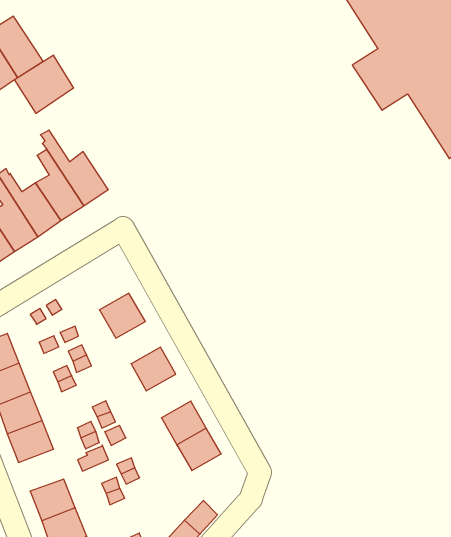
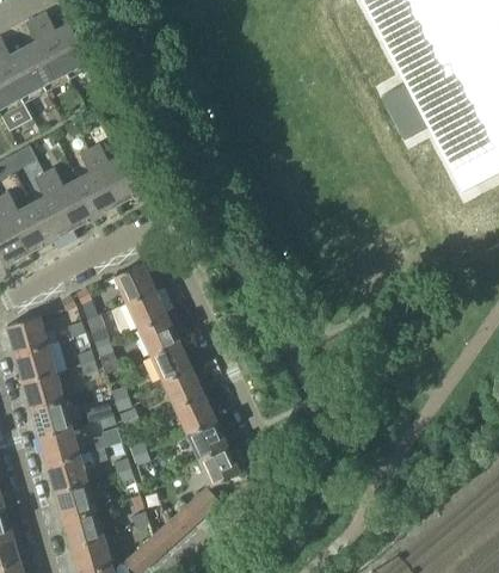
building: [15,55,74,113] -> none
building: none -> [113,261,154,301]
building: none -> [138,315,179,353]
building: none -> [162,366,203,406]
building: none -> [38,426,79,463]
building: none -> [198,444,239,483]

